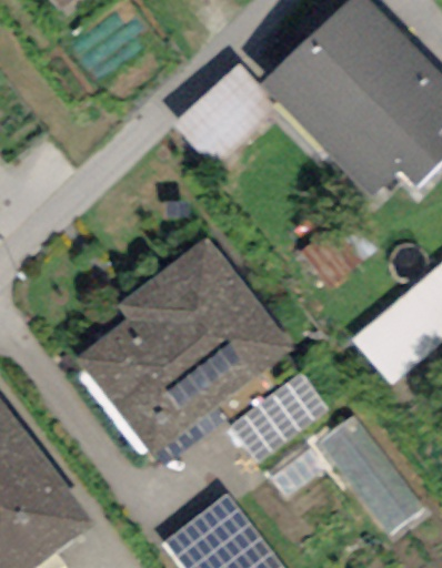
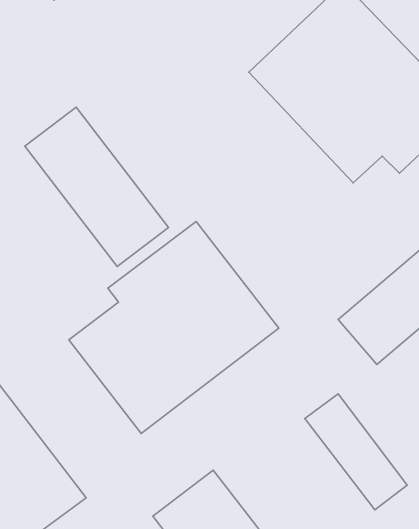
building: none -> [25,107,168,267]
building: [231,371,329,464] -> none

